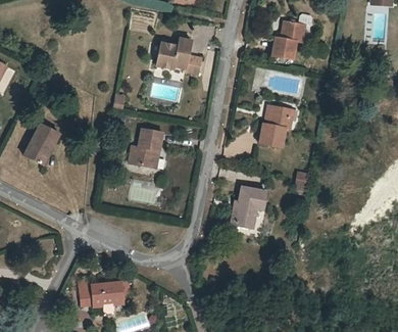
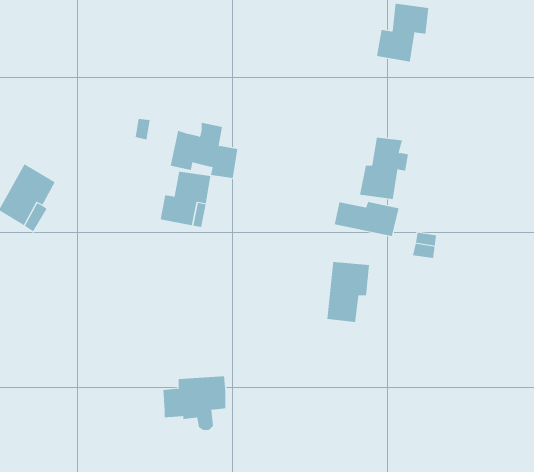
building: [155,36,200,73] -> [170,122,238,178]
building: none -> [334,201,399,237]
building: [81,282,122,318] -> [162,376,226,430]

